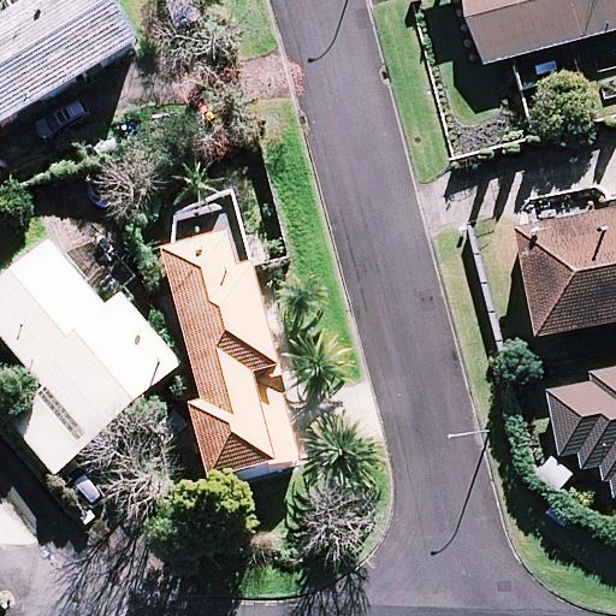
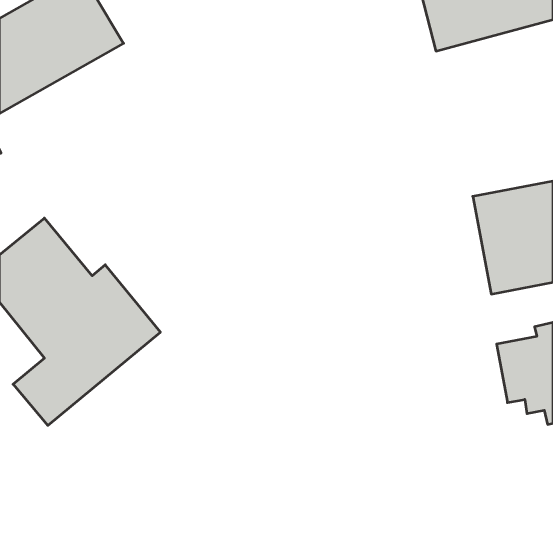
building: [161,203,301,484] -> none

